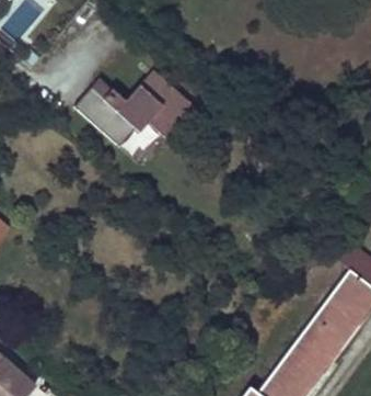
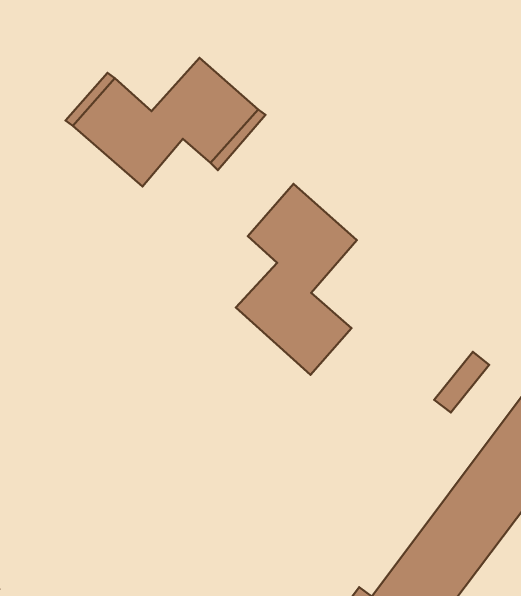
building: none -> [236,184,357,375]

